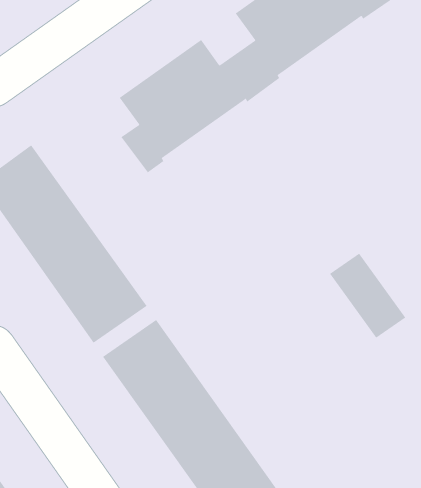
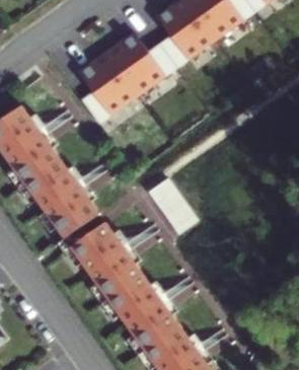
building: [329,253,406,339] -> [146,174,198,232]

